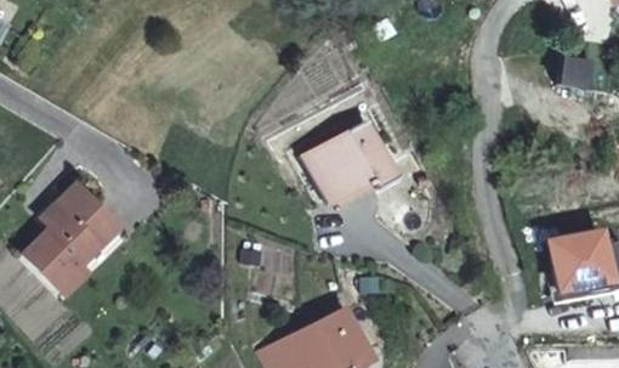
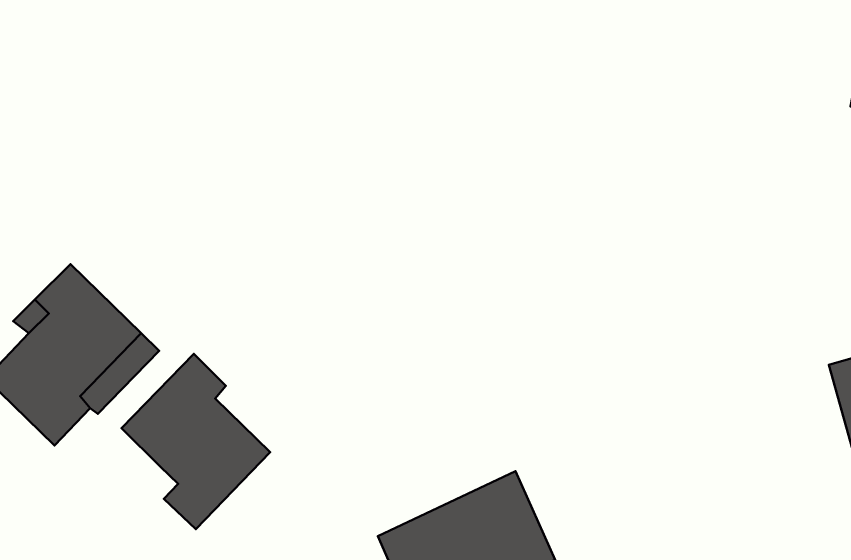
building: [302,120,396,203] -> none
building: none -> [121,354,270,529]

